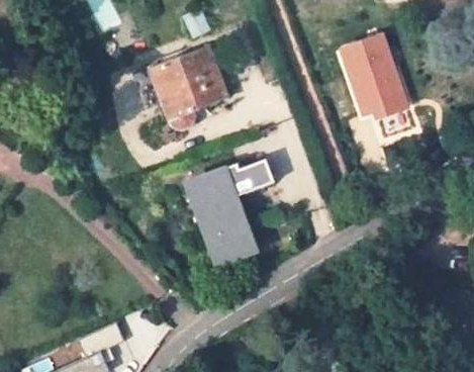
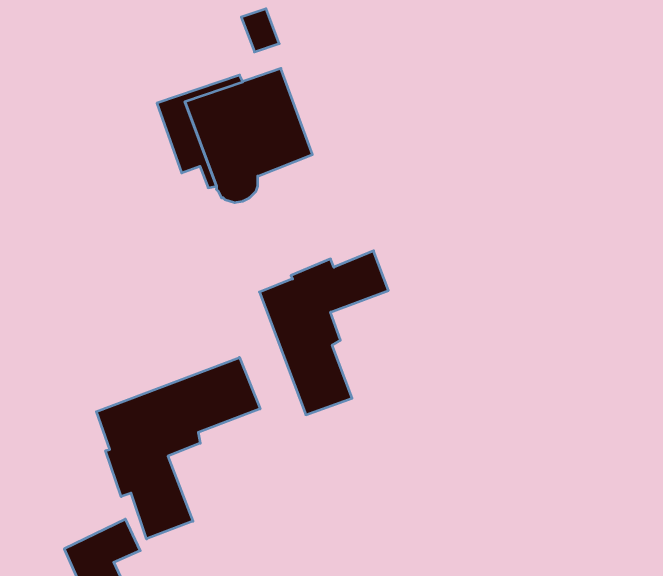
building: [347,37,417,140] -> none
building: none -> [96,357,260,539]

